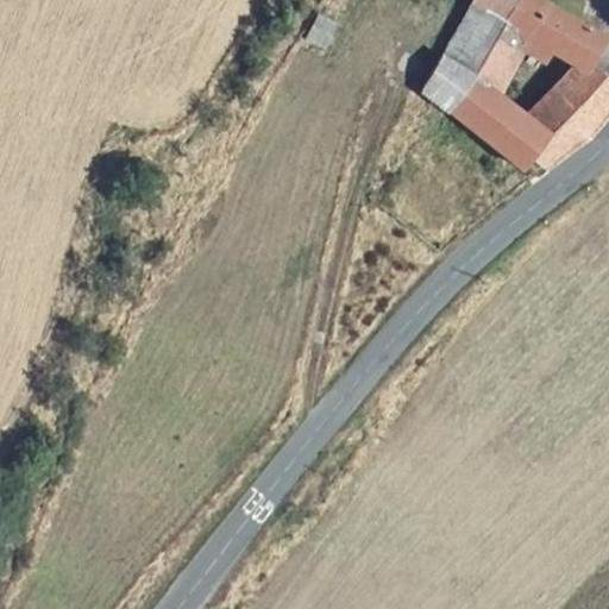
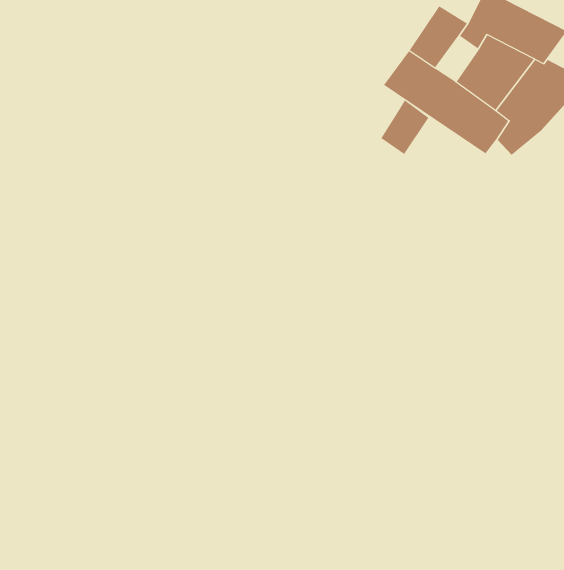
building: [471,38,516,87] -> none
building: none -> [381,100,429,155]

